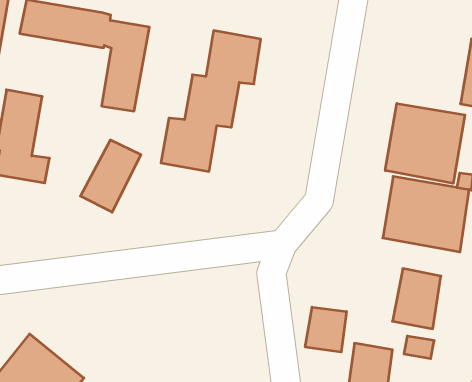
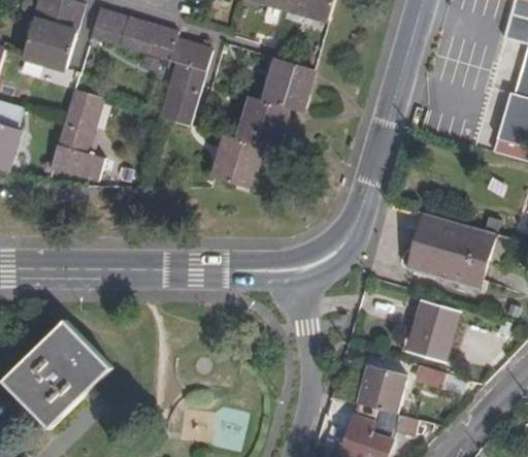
building: [385,103,465,183] -> none
building: [80,140,141,212] -> none
building: [305,307,346,352] -> none

